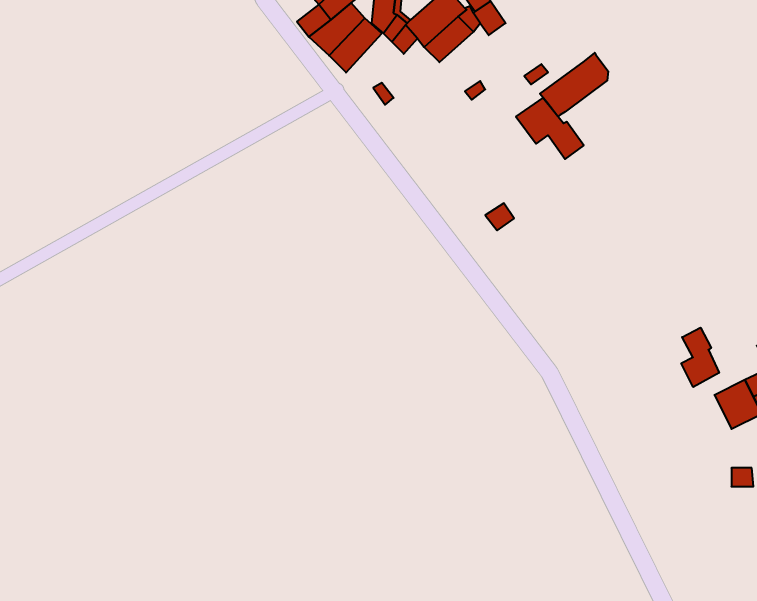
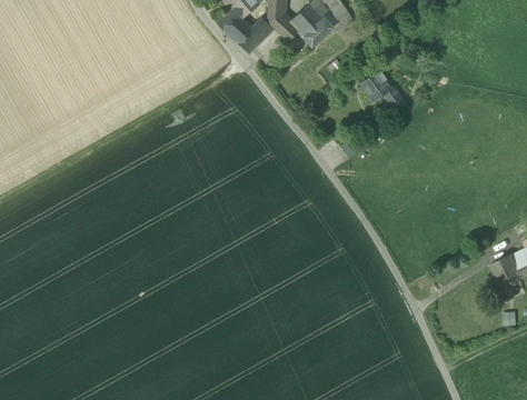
building: [540,53,608,117] -> none
building: [681,328,719,387] -> none

